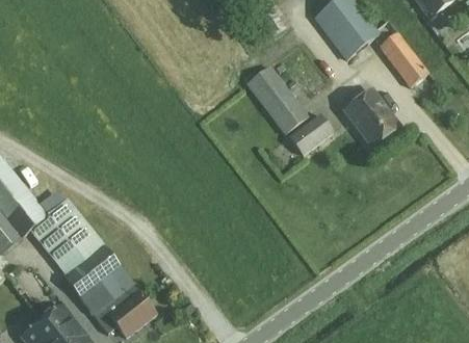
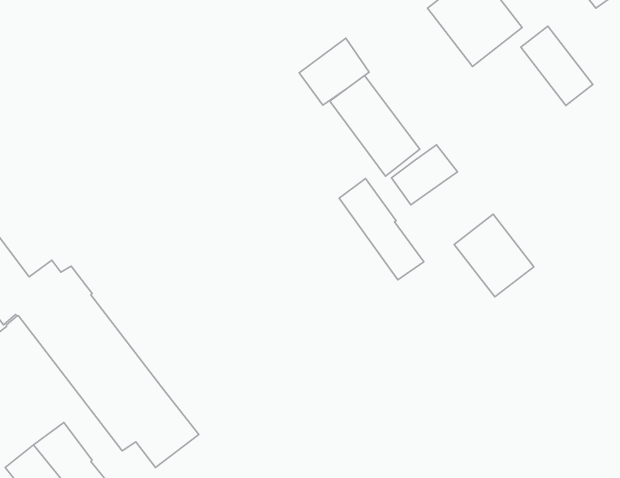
building: none -> [299,38,369,105]
building: [344,88,399,146] -> [454,214,534,297]
building: none -> [339,179,424,280]

